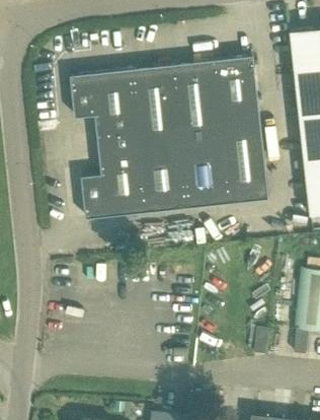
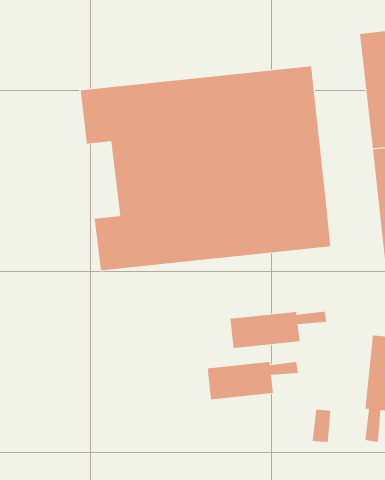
building: none -> [230,311,327,349]
building: none -> [207,361,299,400]

